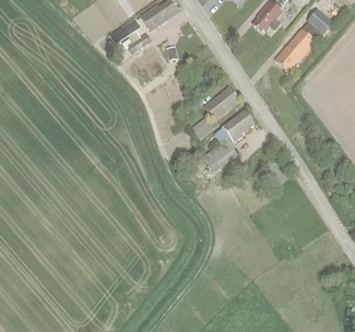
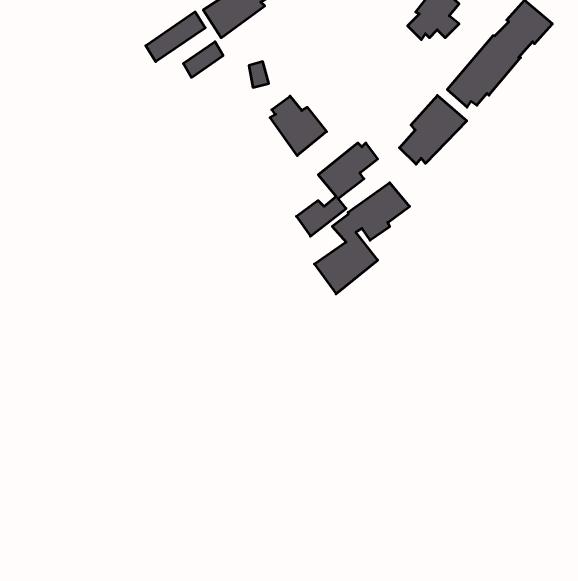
building: none -> [399,95,467,164]
building: none -> [270,96,327,156]

